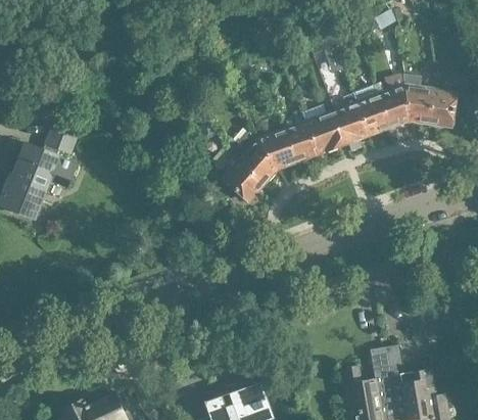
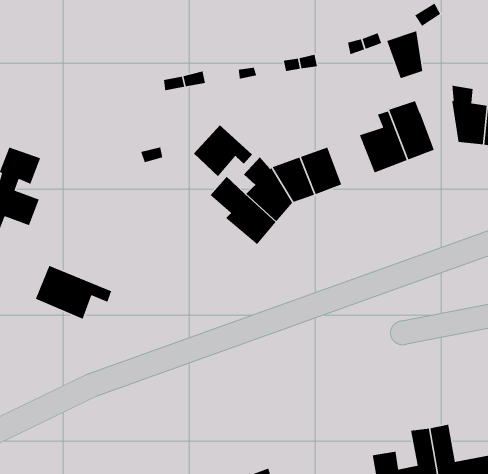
building: [379,88,409,127] -> [386,30,423,79]
building: none -> [193,124,253,177]
building: [305,114,342,154] -> none
building: none -> [35,265,112,320]

